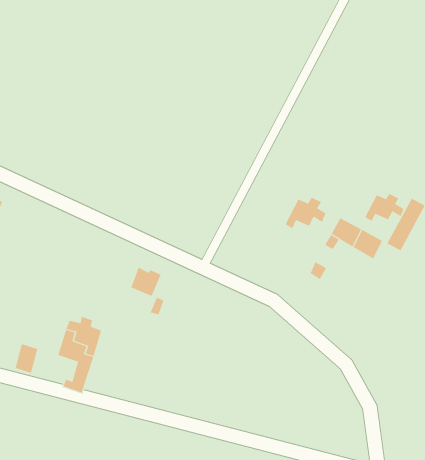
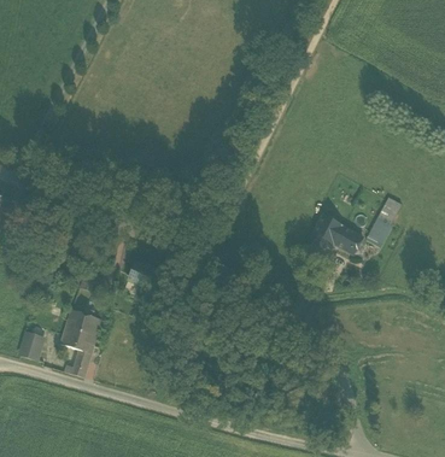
building: [364,193,404,222] -> none
building: [285,197,326,229] -> none

